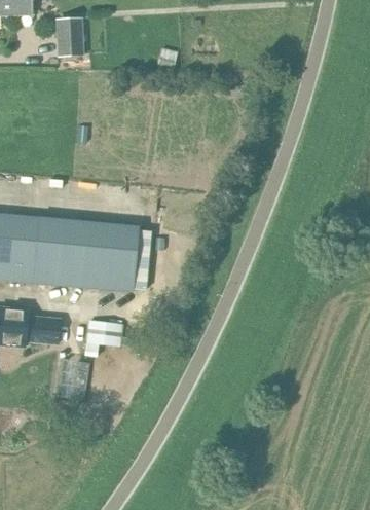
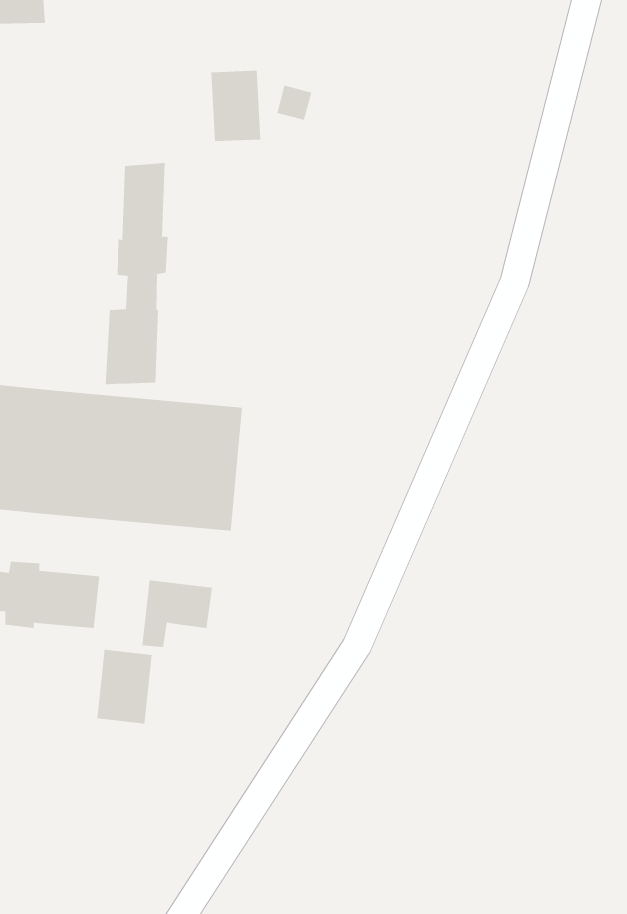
building: [57,17,84,57] -> [211,70,261,142]
building: none -> [105,162,168,385]

